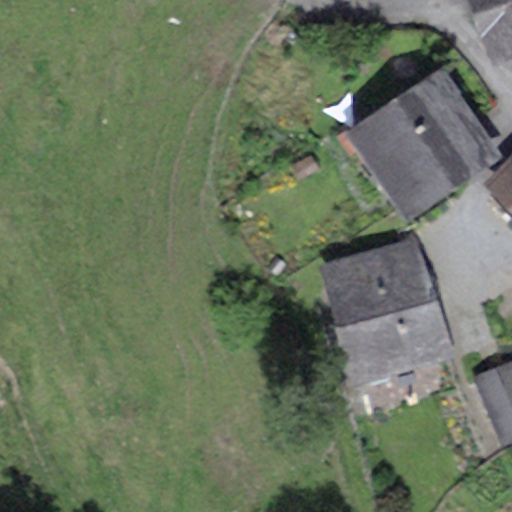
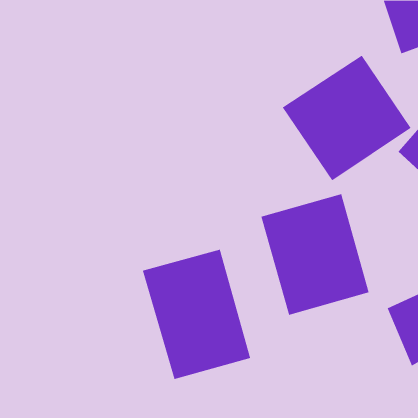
building: none -> [142,249,251,380]

